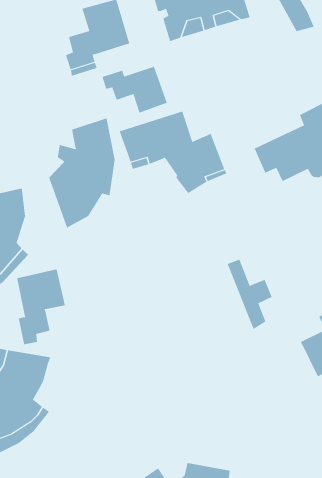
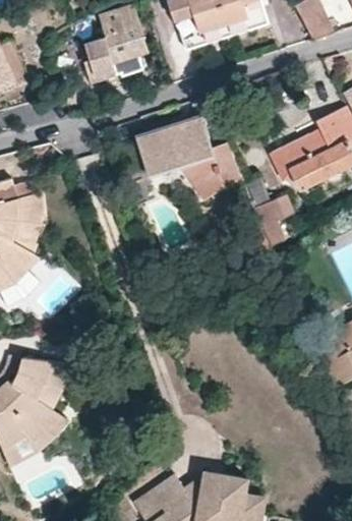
building: [102,66,168,113] -> none
building: [49,118,115,228] -> none
building: [227,259,272,330] -> [245,175,291,246]
building: [16,269,66,345] -> none

